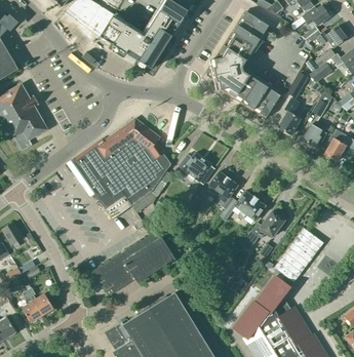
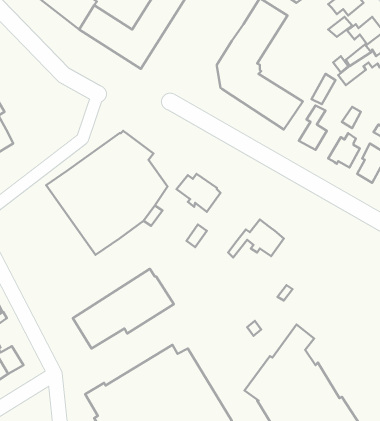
building: [206,170,237,208] -> none
building: [243,210,284,246] -> none
building: [274,227,323,281] -> none

